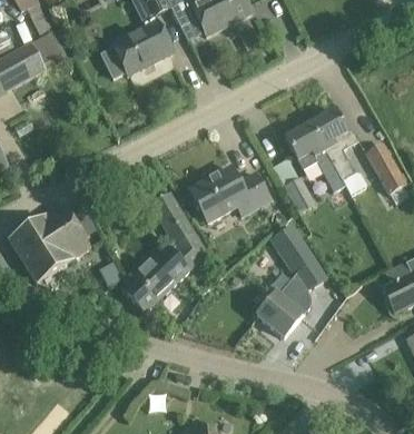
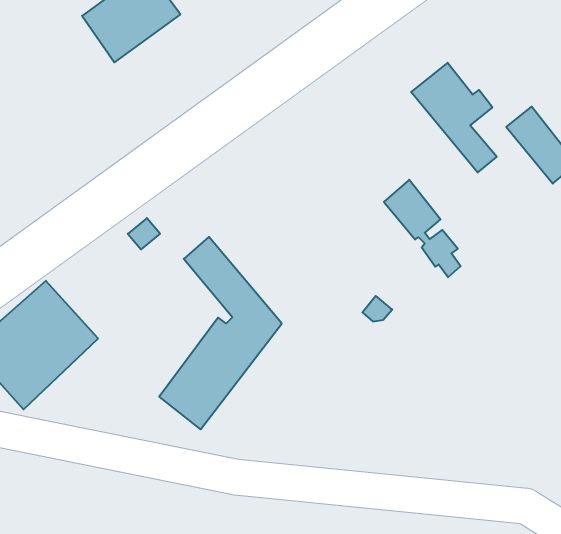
building: [286,122,346,190] -> none
building: [190,167,270,221] -> none
building: [257,236,326,336] -> none

